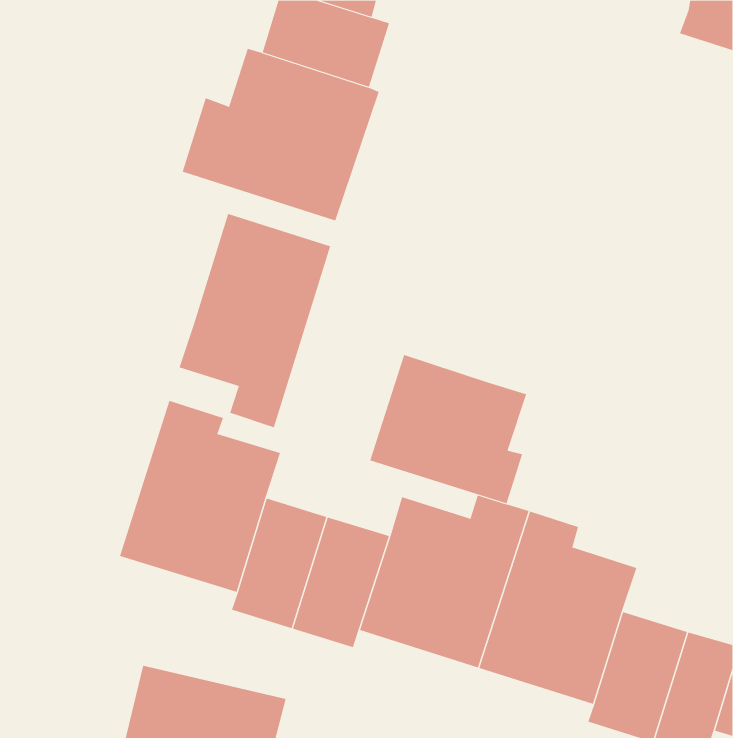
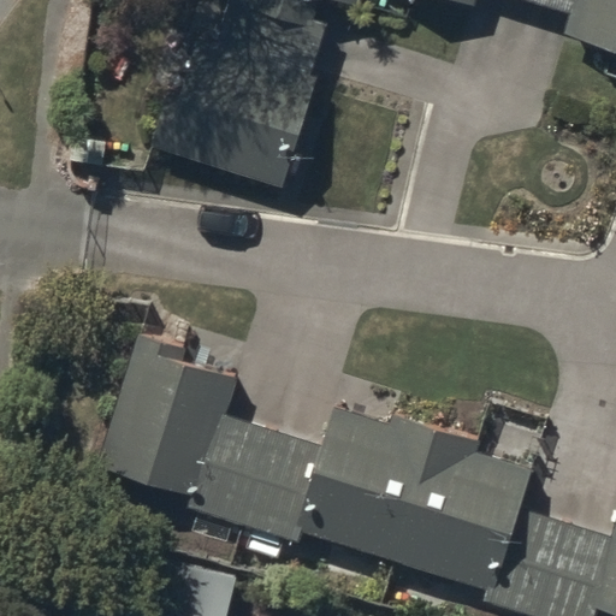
building: [179,213,331,428] -> none
building: [369,354,527,504] -> none

